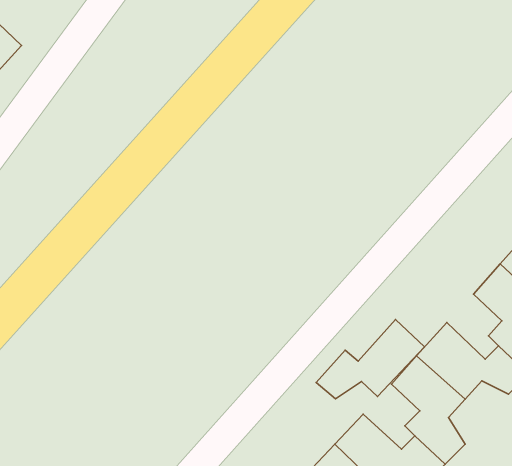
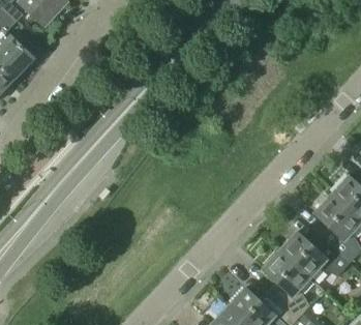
building: [316,319,425,399] -> none

